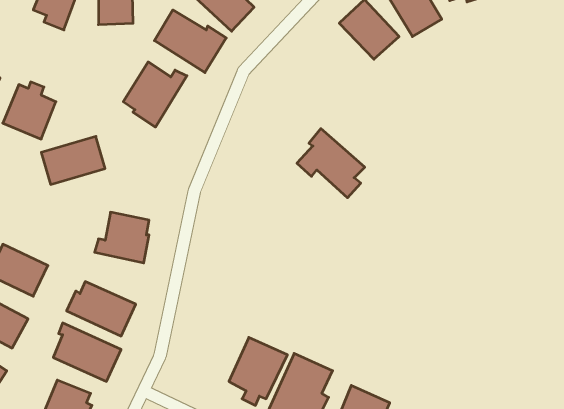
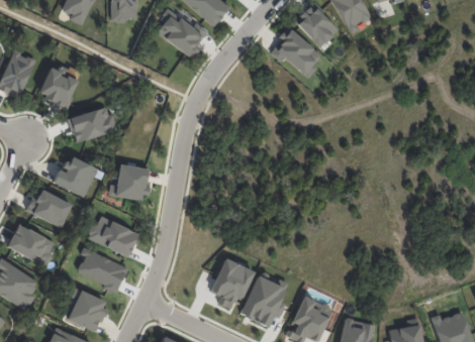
building: [123,62,187,127] -> none
building: [297,129,365,198] -> [270,26,321,79]
building: none -> [55,155,98,197]

